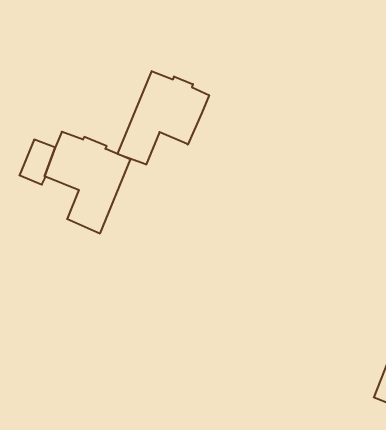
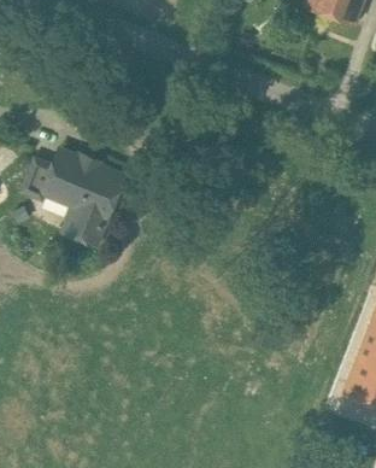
building: [118,71,209,165] -> none

